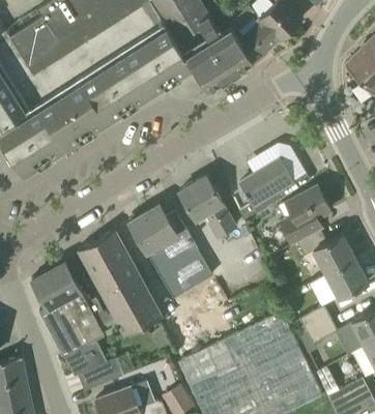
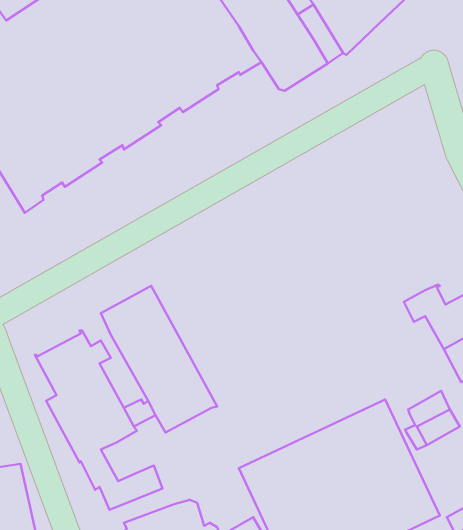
building: [238,157,313,219] -> none
building: [178,175,235,237] -> none
building: [280,184,329,243] -> none
building: [127,203,207,326] -> none

